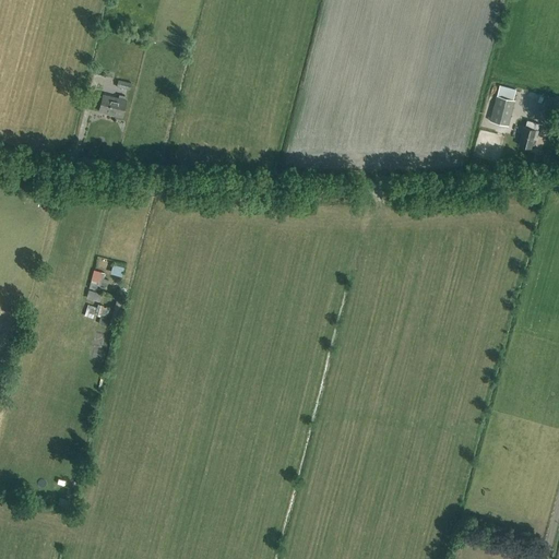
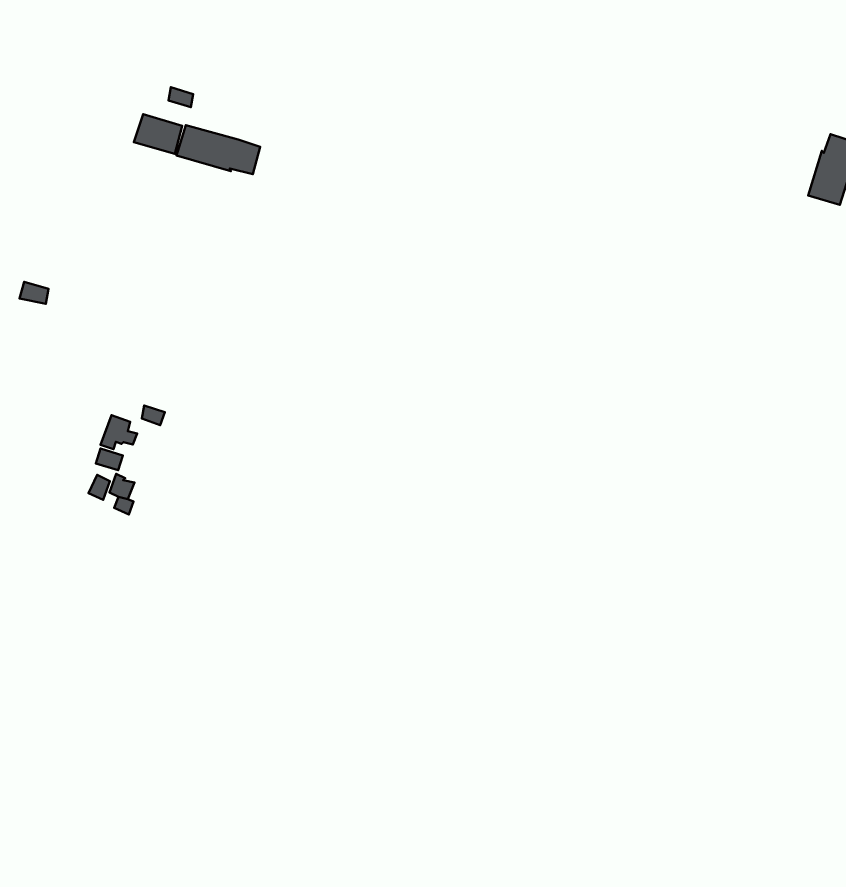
building: none -> [177,125,260,174]

